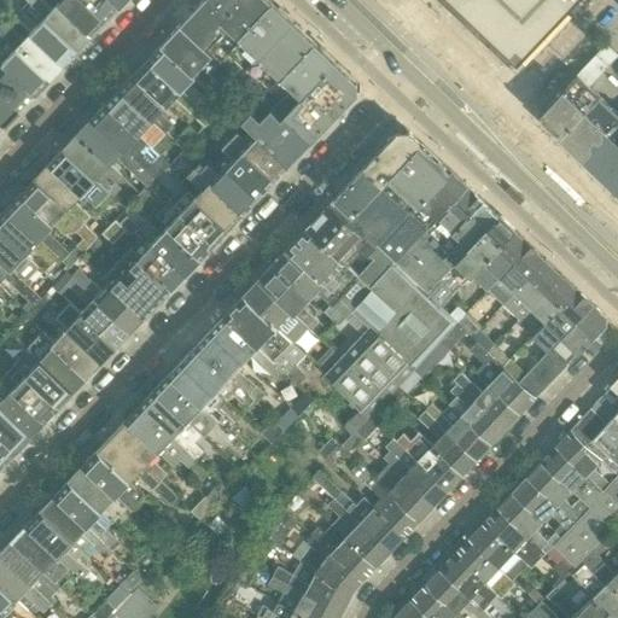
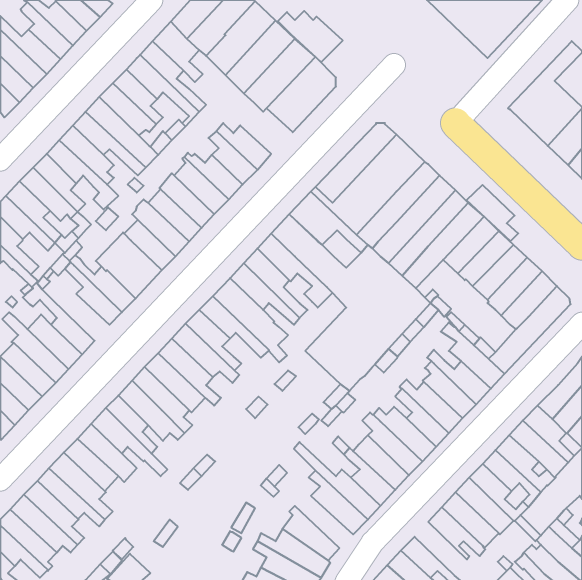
building: [241,111,310,165] -> [278,11,343,62]
building: none -> [467,185,518,241]
building: [54,302,116,363] -> none
building: [310,527,374,583] -> none
building: [439,555,496,612] -> none

